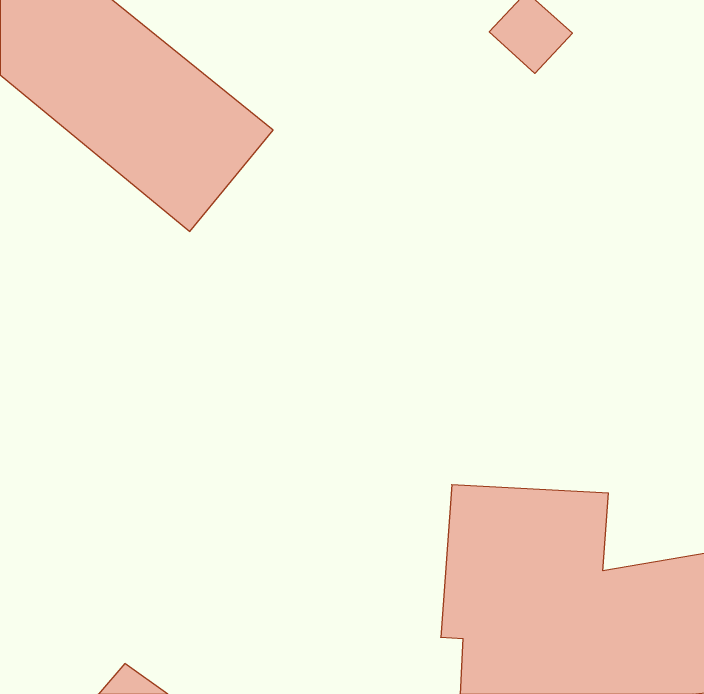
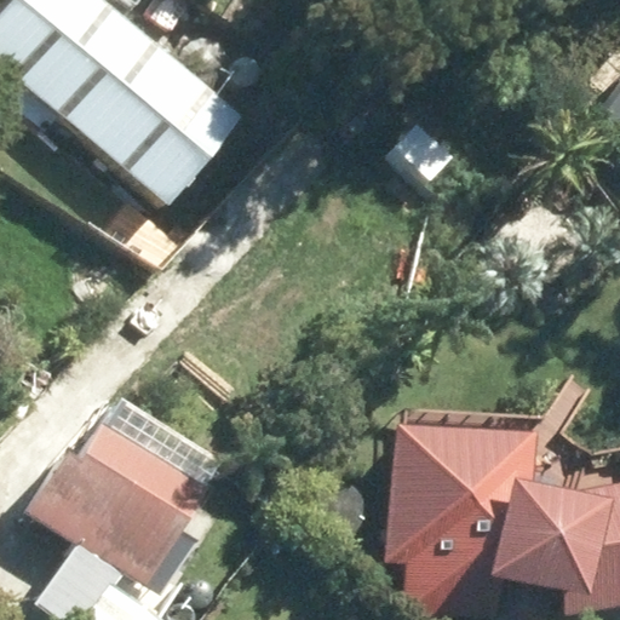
building: none -> [27,421,206,580]

